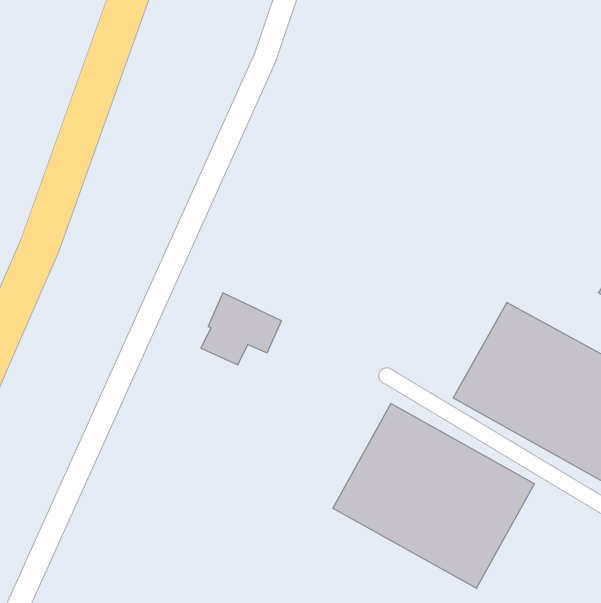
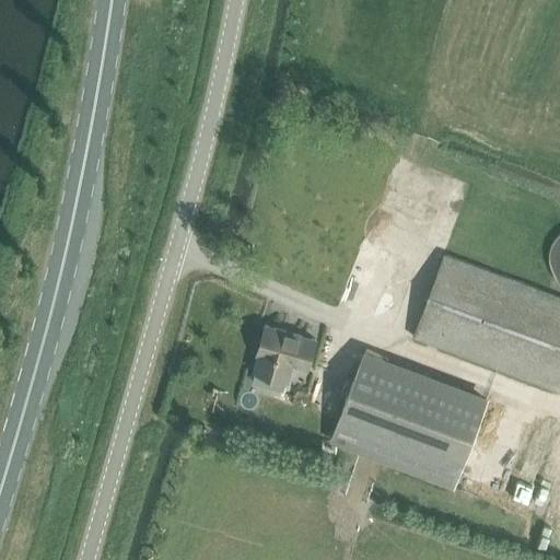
building: [201,293,281,365] -> [255,328,316,384]

